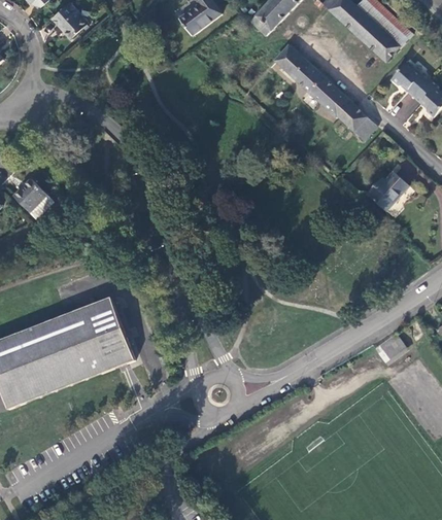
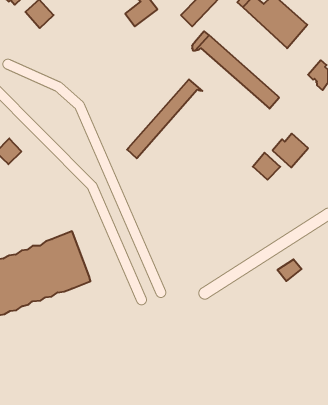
building: [392,61,430,96] -> none
building: none -> [127,79,202,158]
building: none -> [253,153,280,180]

